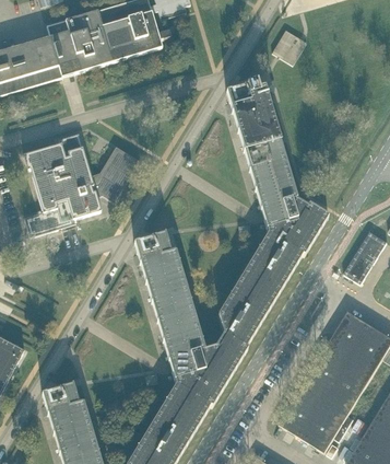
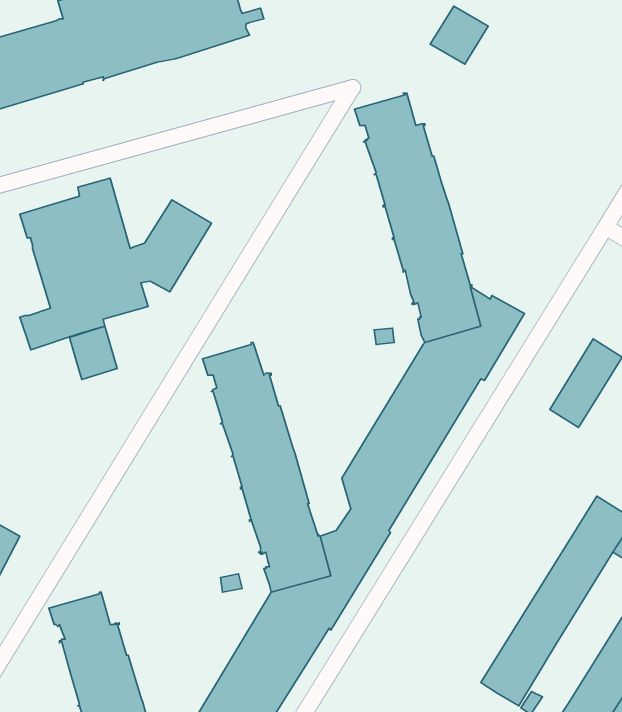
building: none -> [70,326,117,380]
building: [280,311,373,438] -> none

